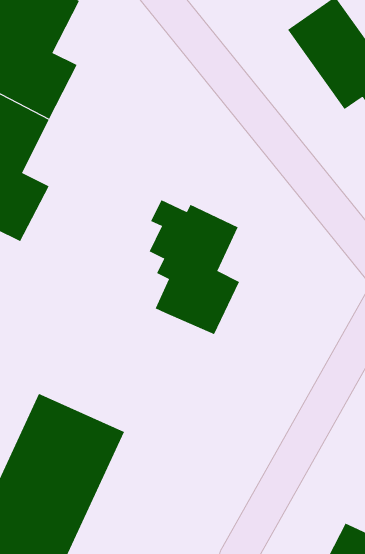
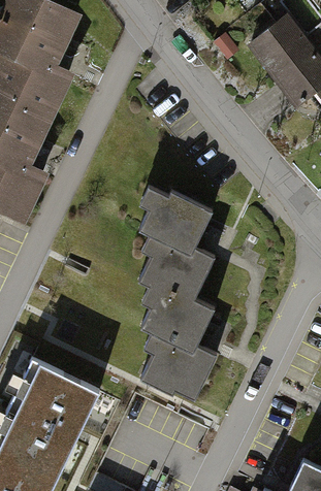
building: none -> [137,285,212,402]

